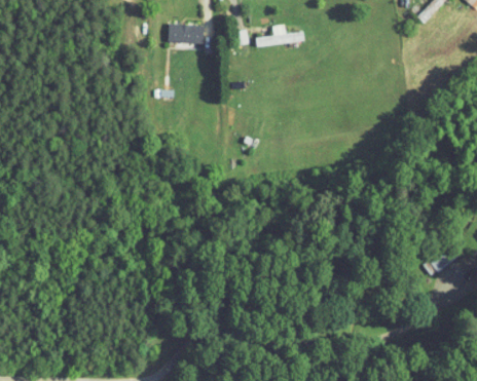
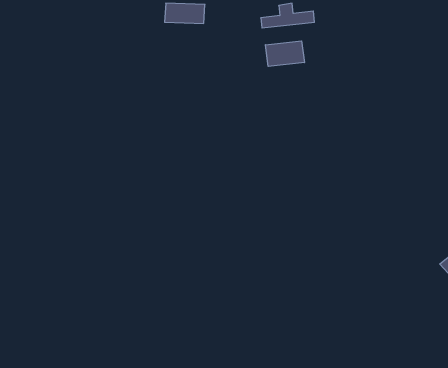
building: none -> [265,41,304,66]

